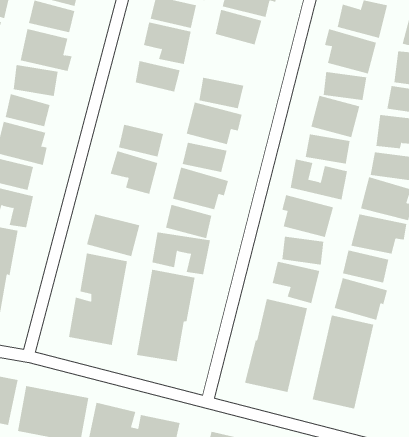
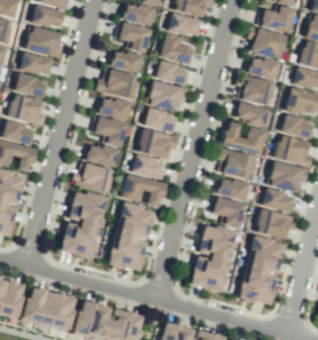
building: none -> [162,33,195,63]
building: none -> [96,68,138,98]
building: none -> [85,142,120,167]

